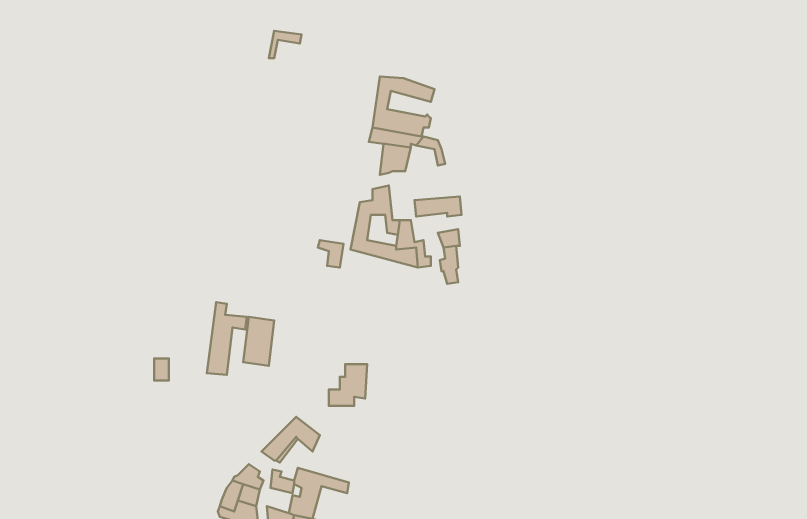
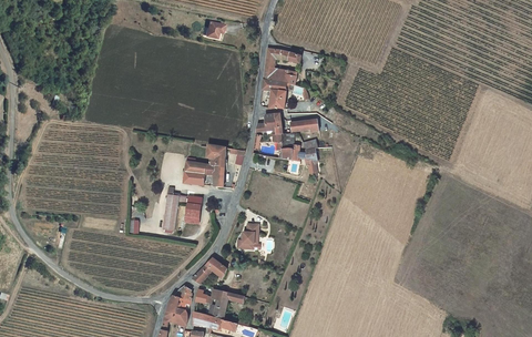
building: none -> [182,145,227,188]

